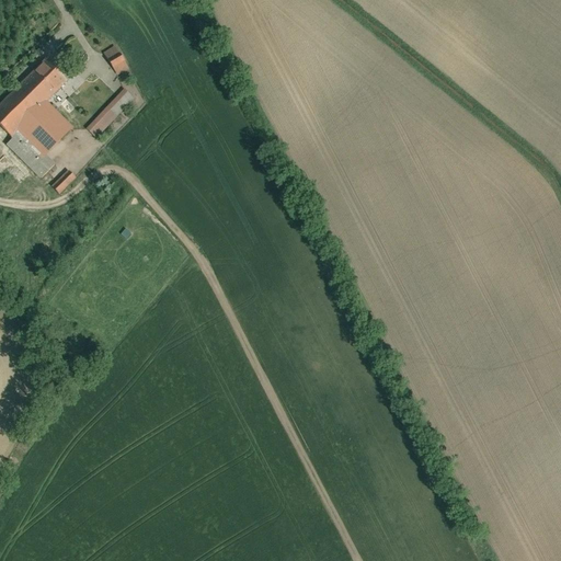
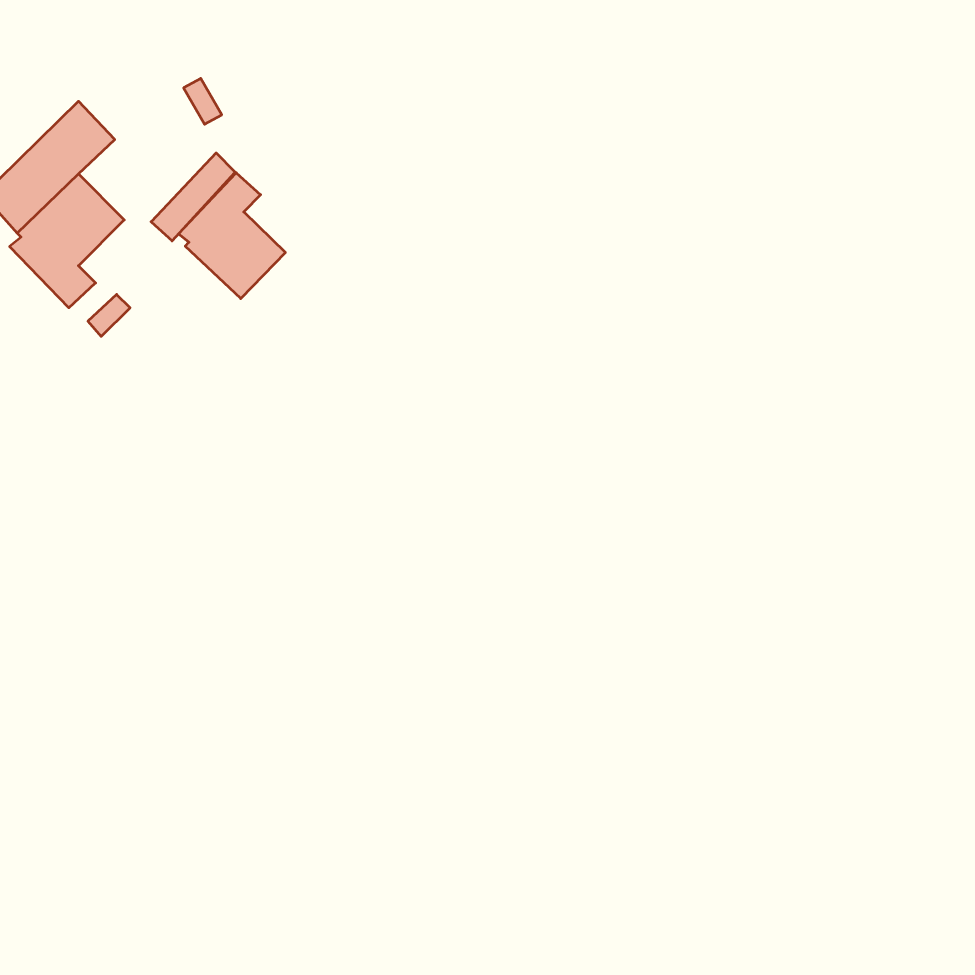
building: none -> [178,173,285,299]

